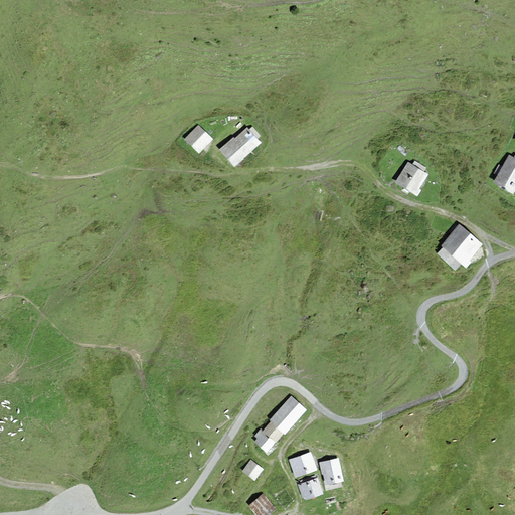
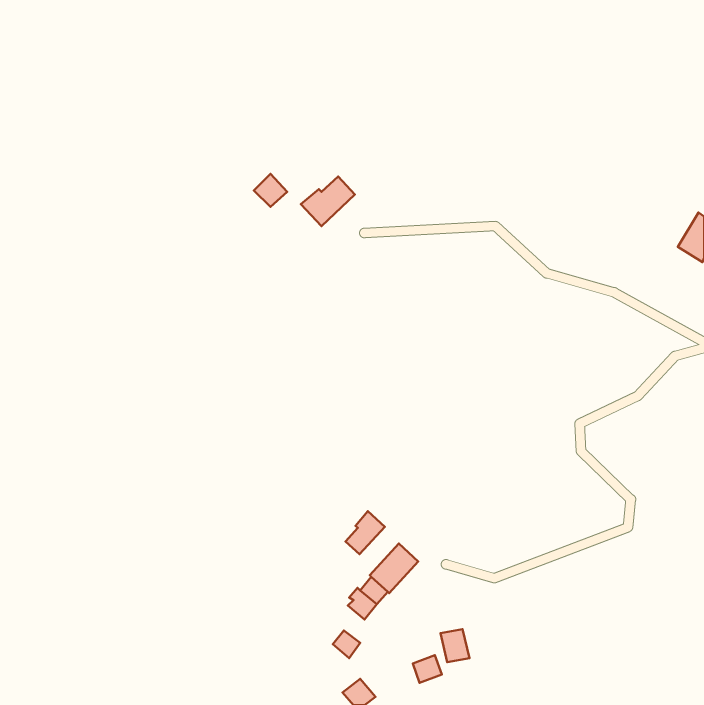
building: [396,163,425,194] -> none
building: [442,225,480,266] -> none
building: none -> [346,511,385,554]
building: [289,453,315,476] -> none

